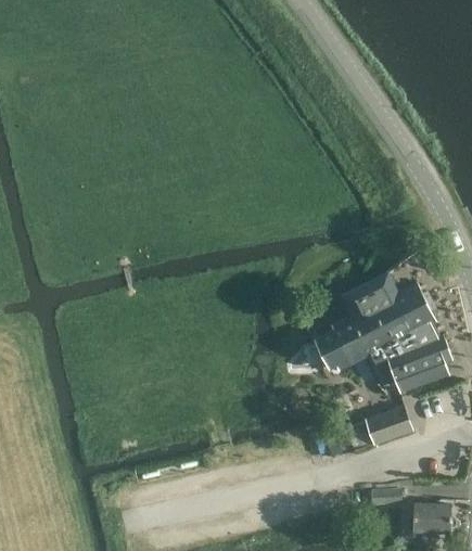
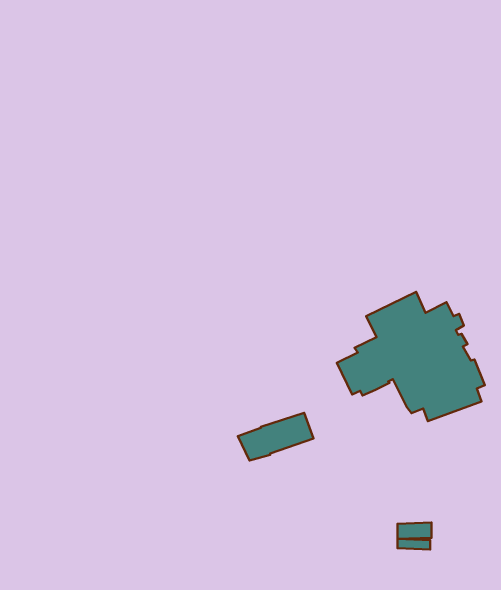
building: [342,406,412,450] -> [238,413,313,461]
building: [411,503,449,533] -> none

